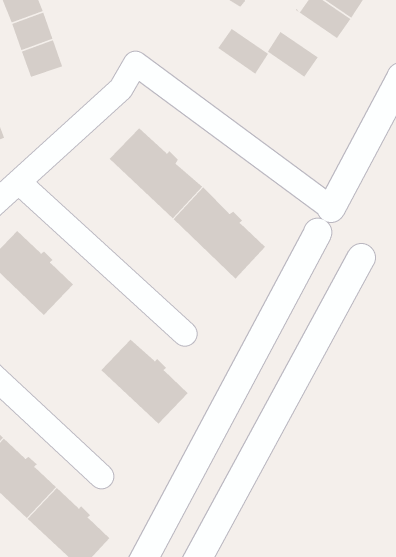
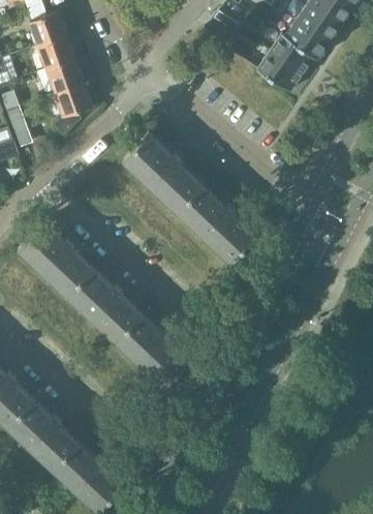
building: [217,28,274,75] -> [269,34,317,74]
building: none -> [54,83,92,133]
building: none -> [66,269,141,342]

